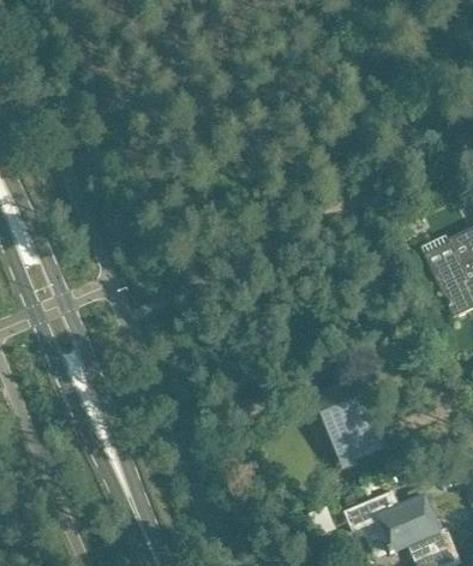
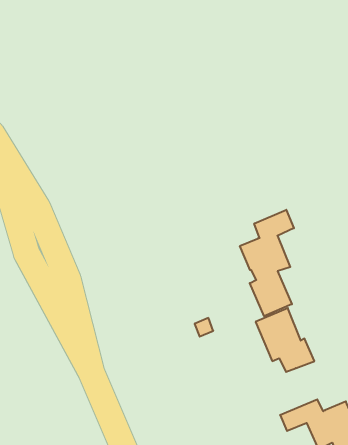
building: none -> [240,210,294,316]

